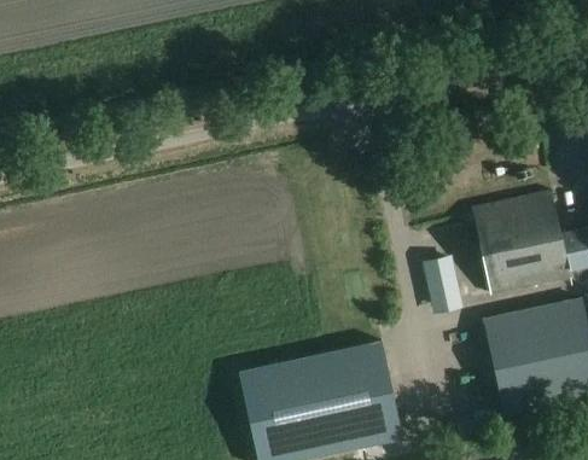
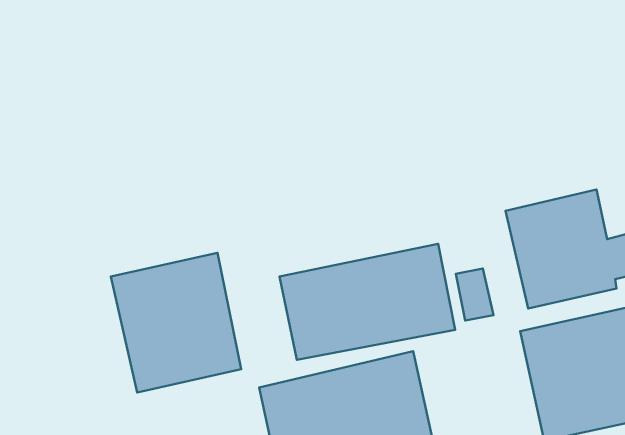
building: none -> [279,244,455,360]
building: none -> [111,253,241,393]

